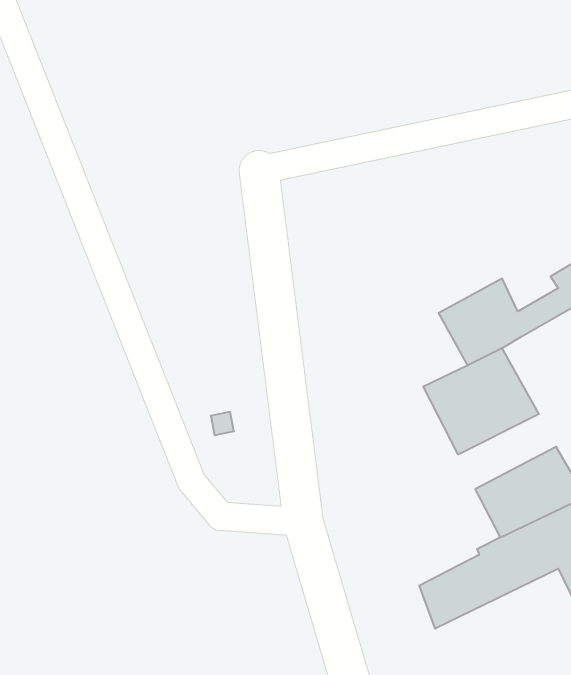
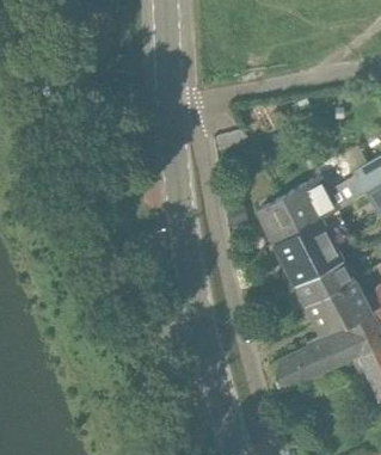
building: none -> [257,198,300,244]
building: none -> [294,260,355,307]

